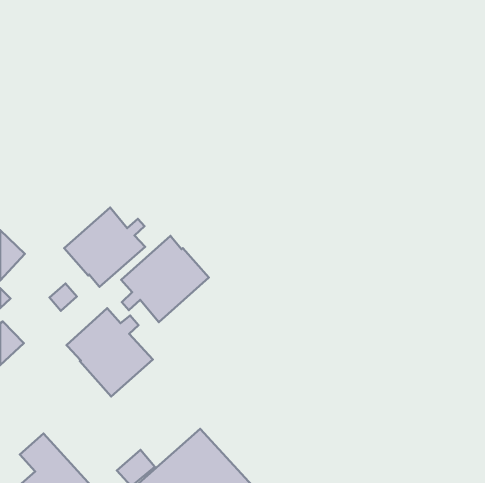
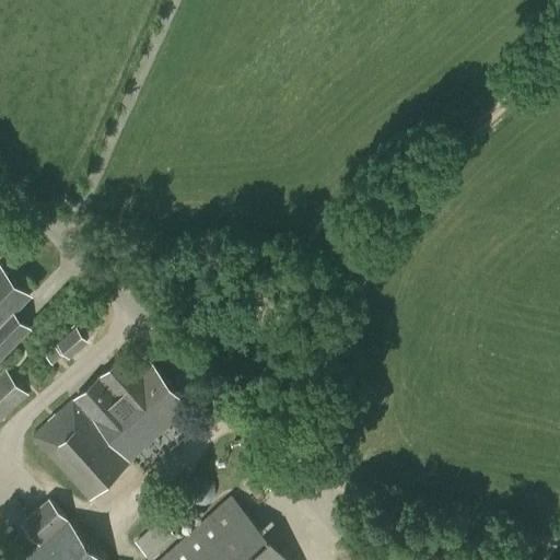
building: [64,207,145,287] -> none
building: [121,236,209,322] -> none
building: none -> [32,402,130,503]

